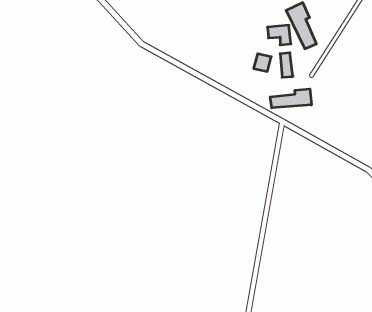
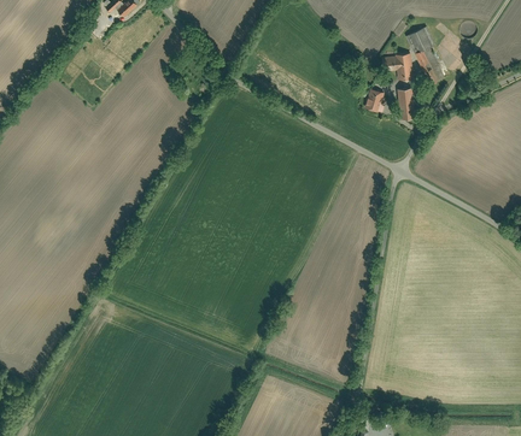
building: [270,89,311,108] -> none

